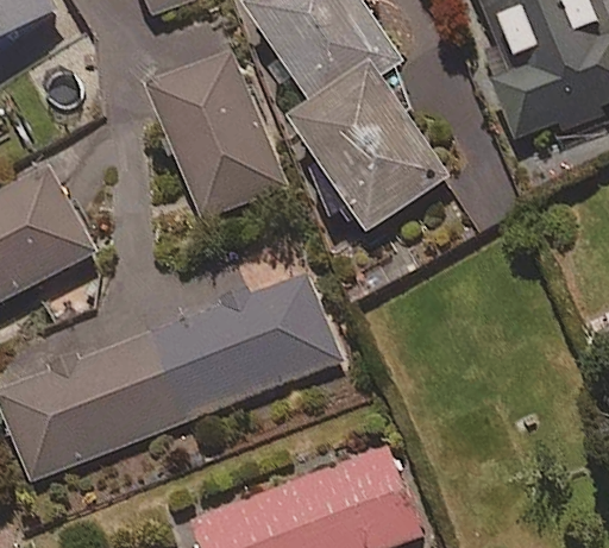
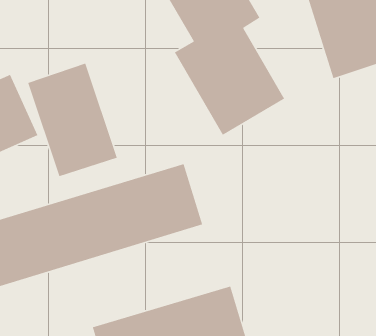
building: [149,51,287,219] -> [27,63,118,177]

